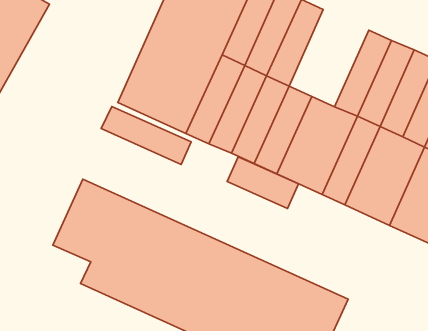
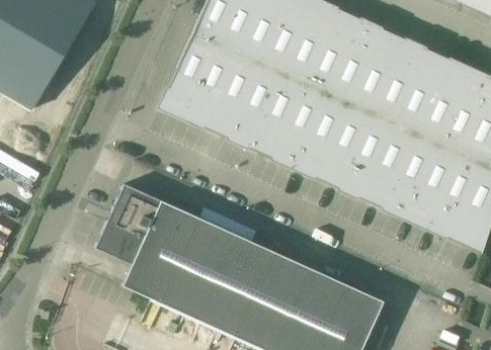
building: none -> [326,17,404,112]
building: [101,107,191,165] -> none
building: [227,157,298,209] -> none

